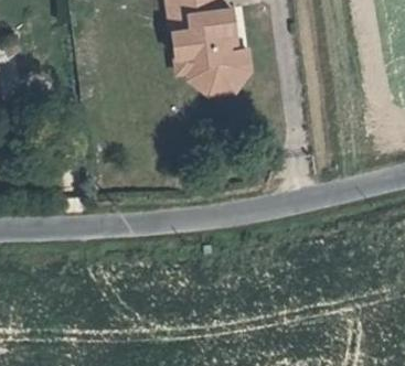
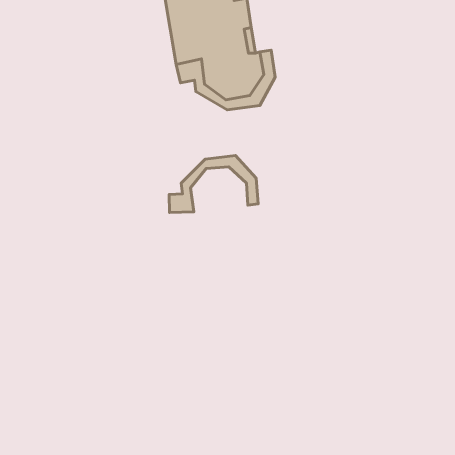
building: none -> [169,156,258,212]

